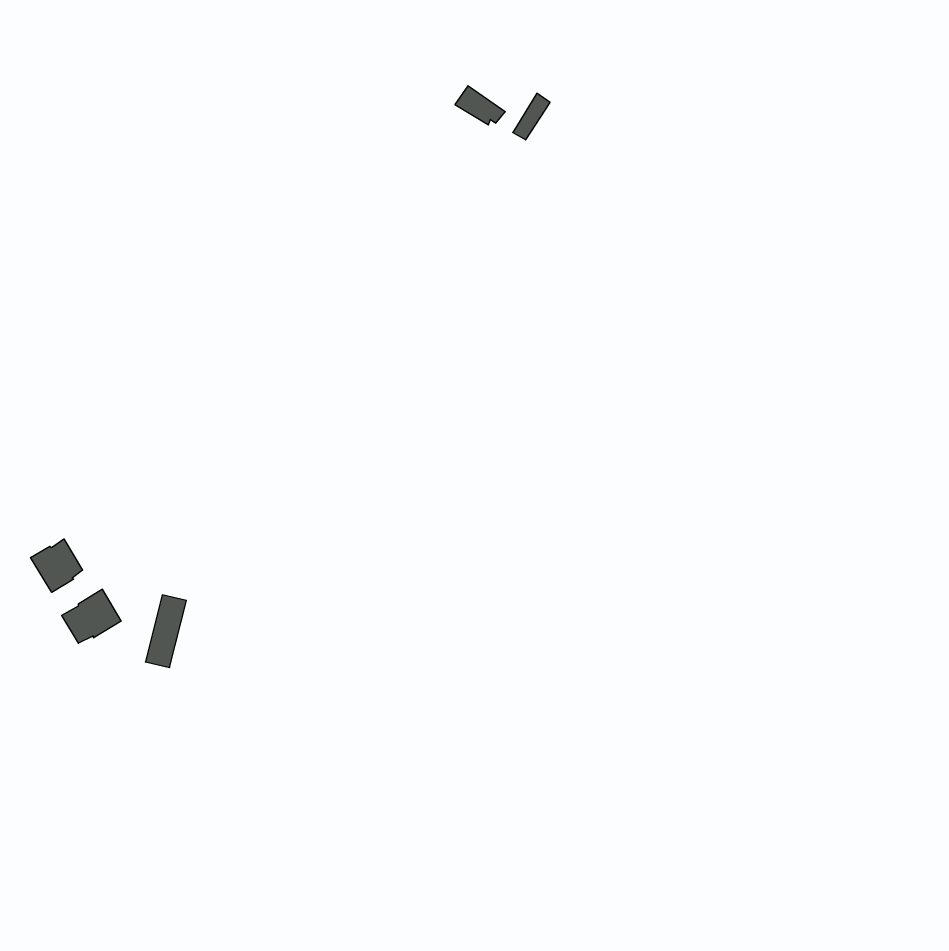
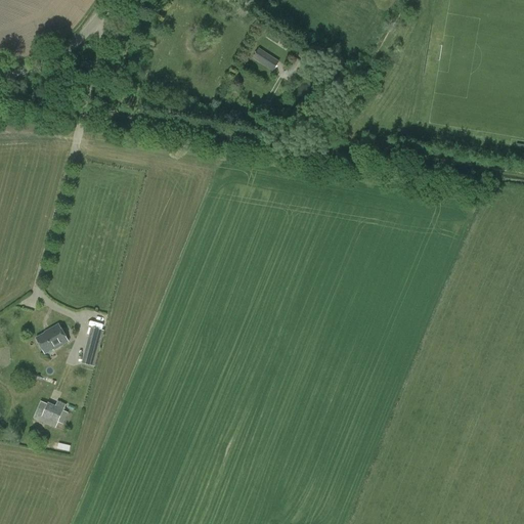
building: [31,539,83,592] -> none
building: none -> [38,400,64,428]

